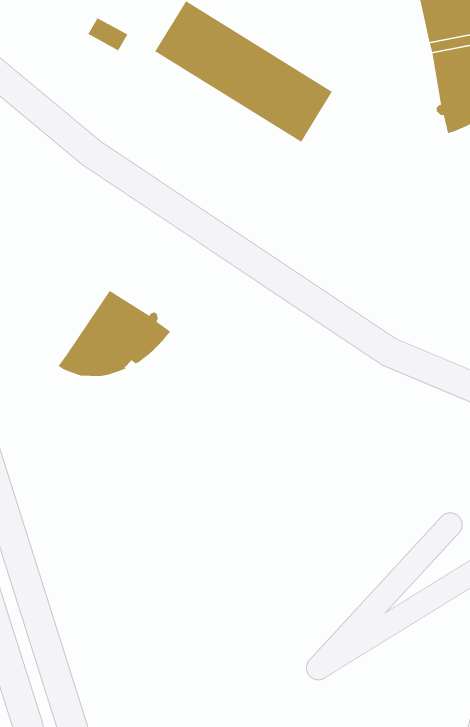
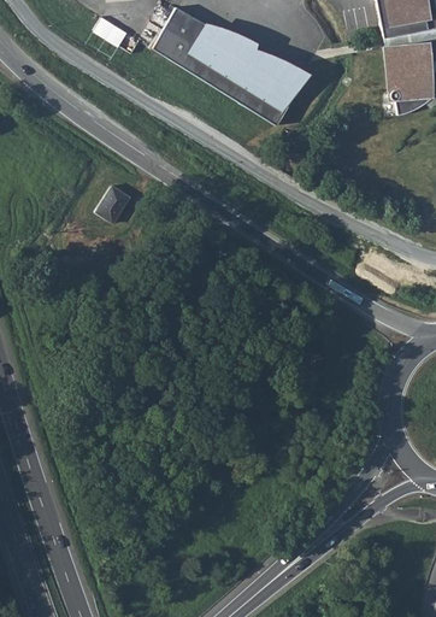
building: none -> [94,188,129,227]
building: [58,290,171,377] -> none

